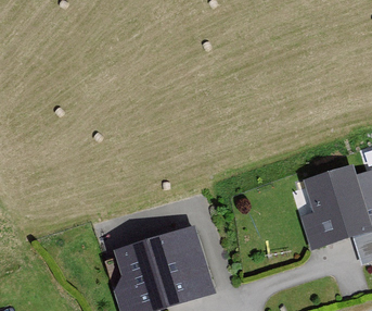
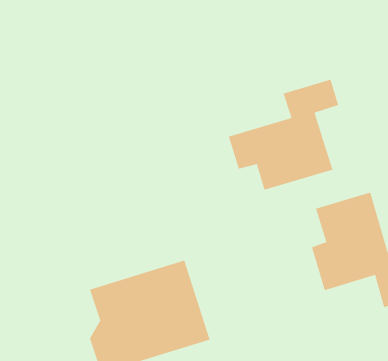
building: none -> [228,79,339,191]

